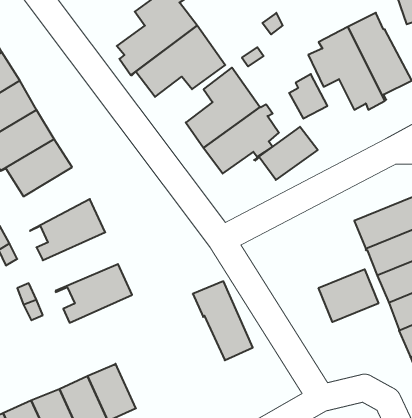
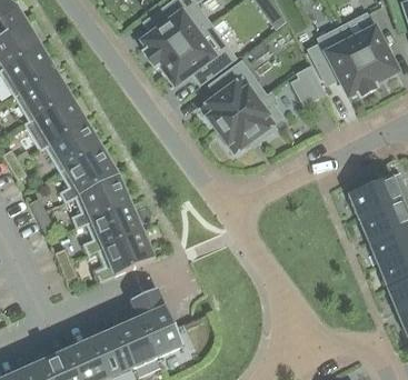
building: [254,127,318,180] -> none
building: none -> [59,147,118,202]
building: none -> [77,203,142,254]
building: [319,269,378,322] -> none
building: [193,281,253,360] -> [130,288,182,357]

